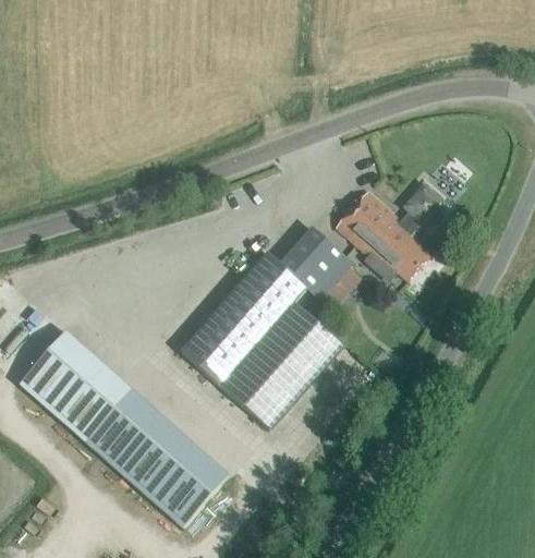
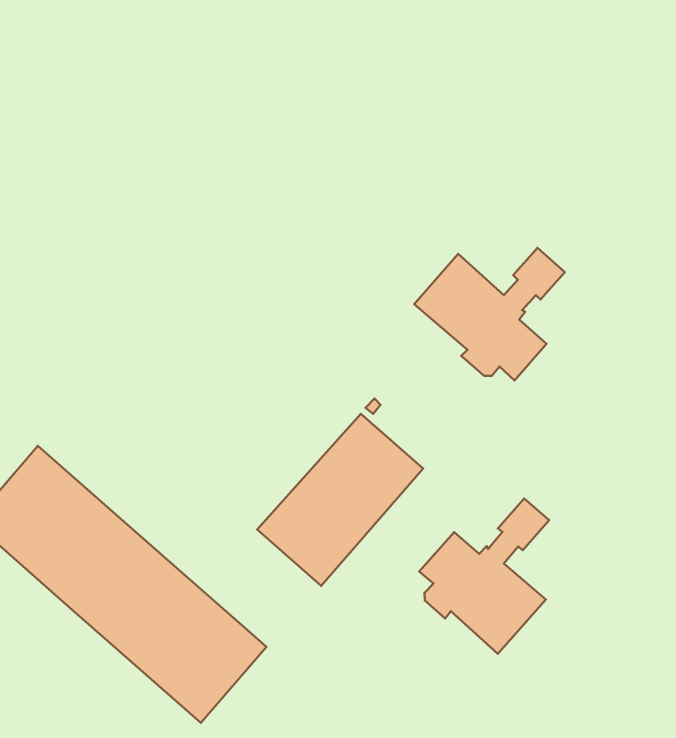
building: [180,226,355,388] -> none
building: none -> [419,498,549,654]

